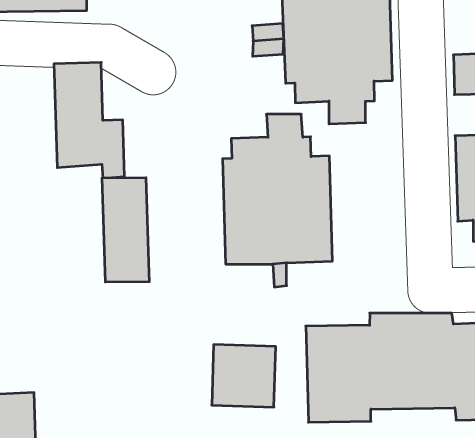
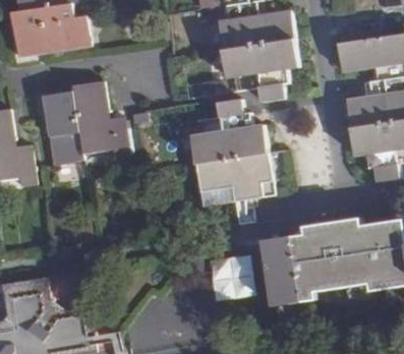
building: [102,178,149,282] -> [43,92,83,165]

